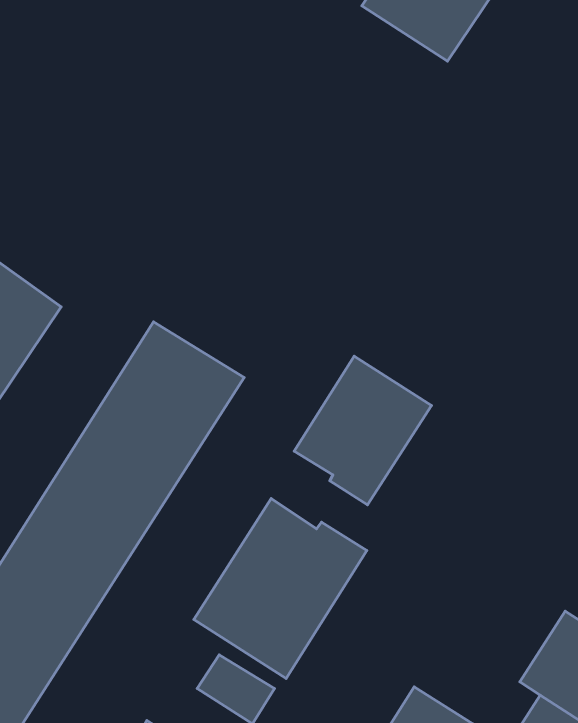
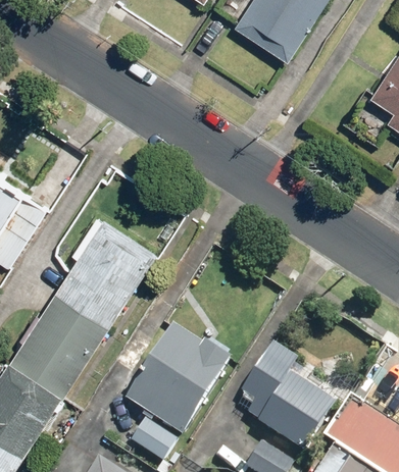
building: [294,356,431,505] -> none
building: none -> [235,355,340,451]

